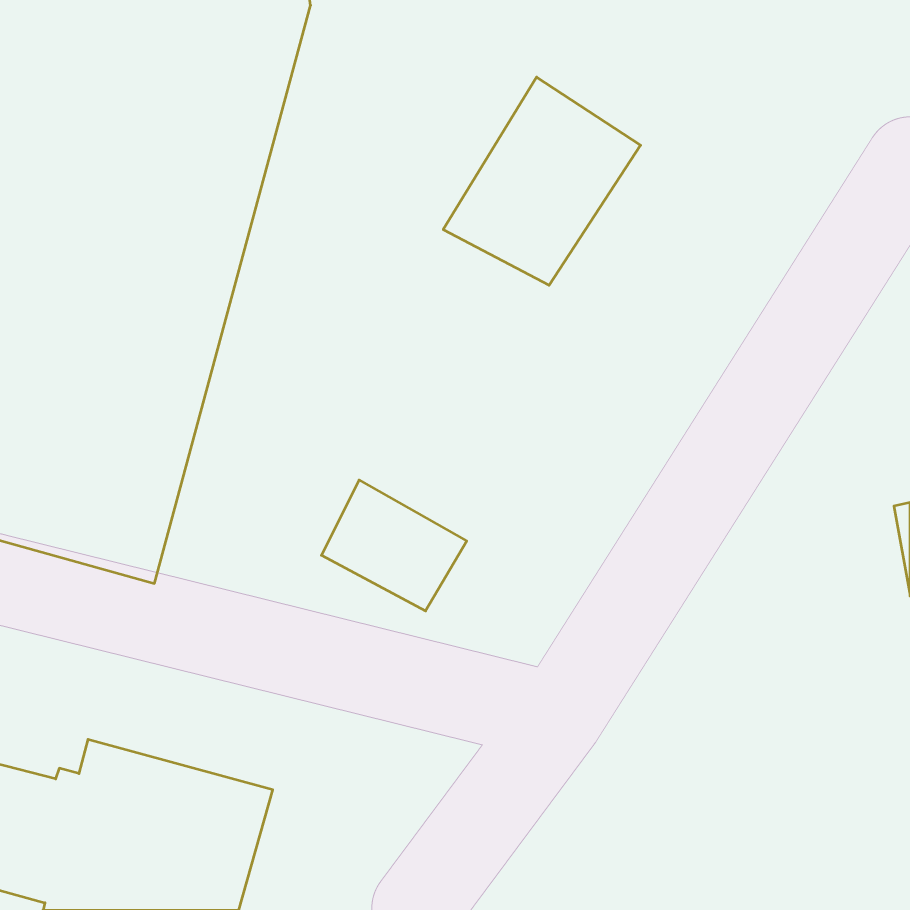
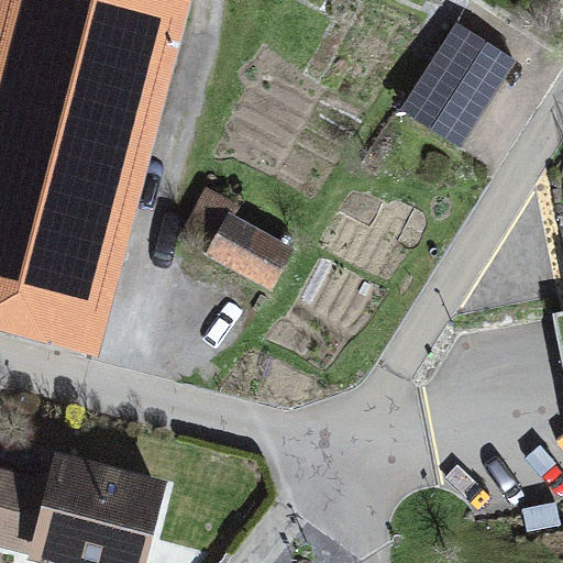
building: [443,77,641,285] -> [394,19,515,146]
building: [321,480,467,611] -> [203,212,292,292]

